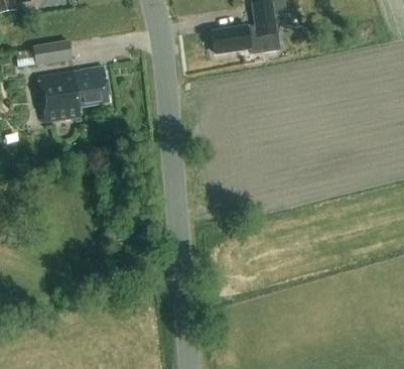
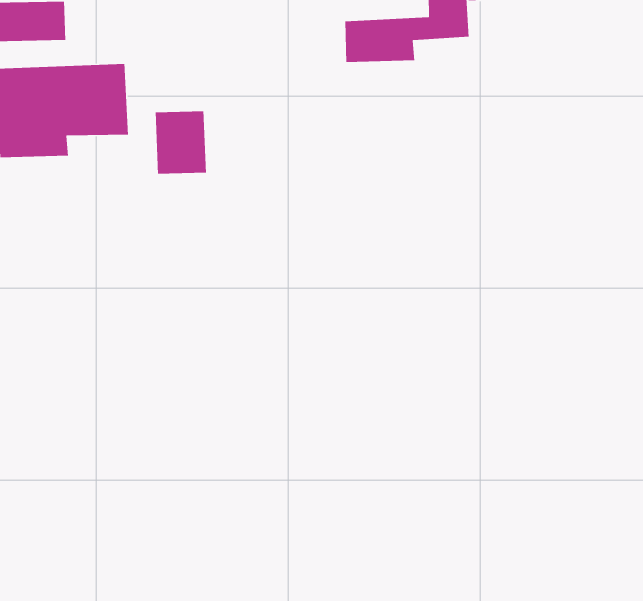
building: none -> [155,110,207,175]

